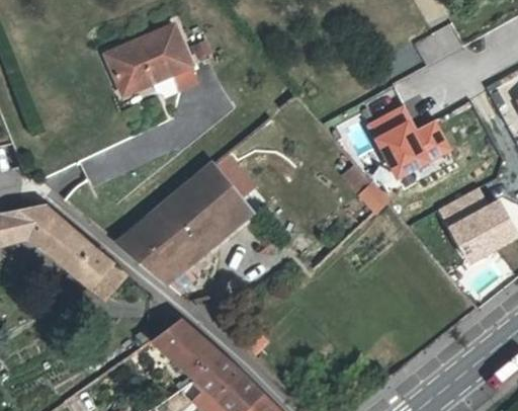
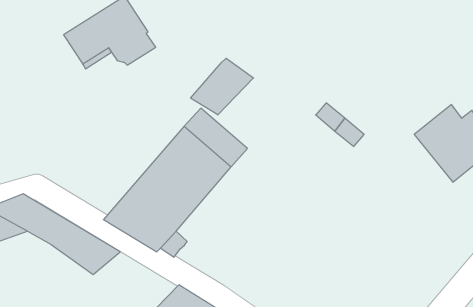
building: [366,103,452,179] -> none
building: none -> [191,58,254,115]

